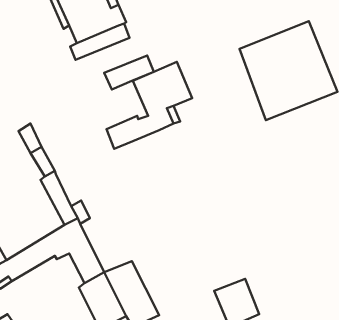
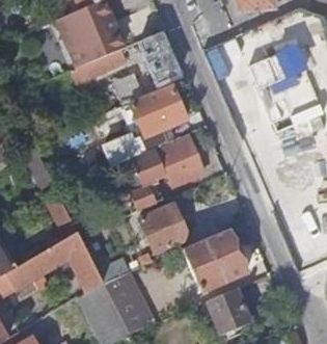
building: none -> [140,31,180,82]
building: none -> [131,136,205,211]
building: none -> [141,202,189,253]
building: none -> [184,229,247,290]

